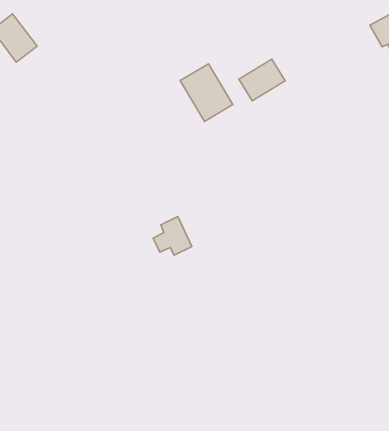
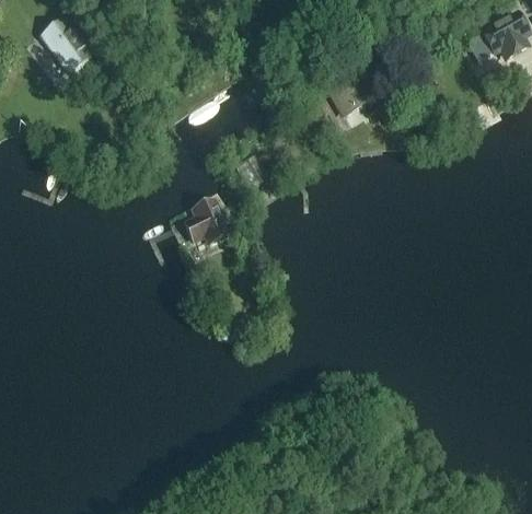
building: [180,64,233,121] -> none
building: [153,216,192,255] -> [182,198,227,243]

